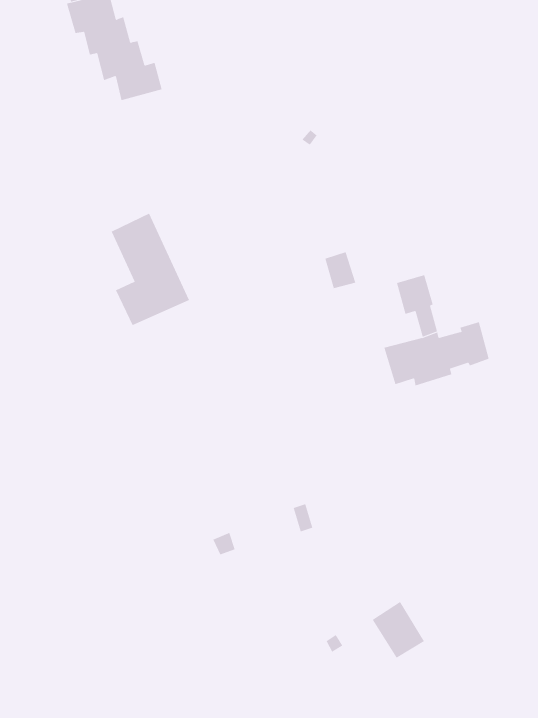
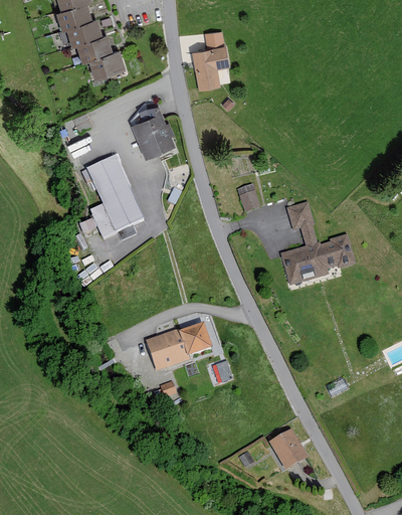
building: none -> [192,31,230,91]
building: none -> [131,107,174,160]
building: none -> [146,325,213,371]

